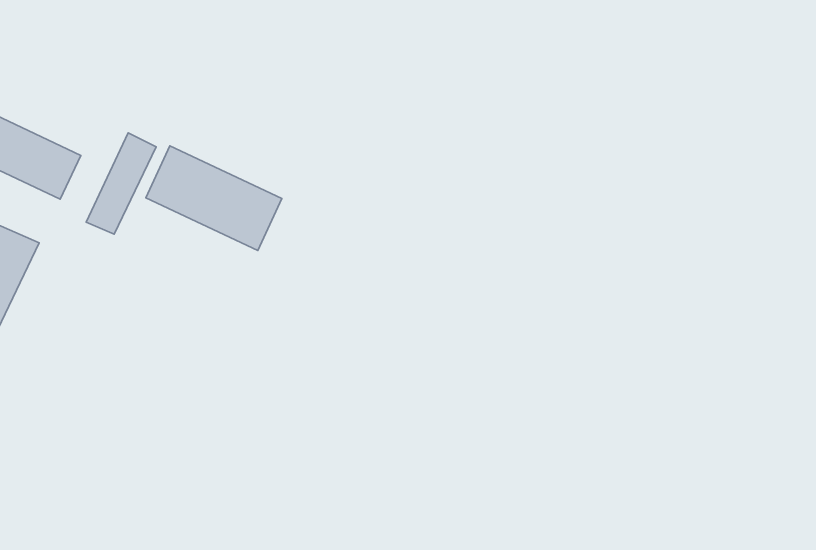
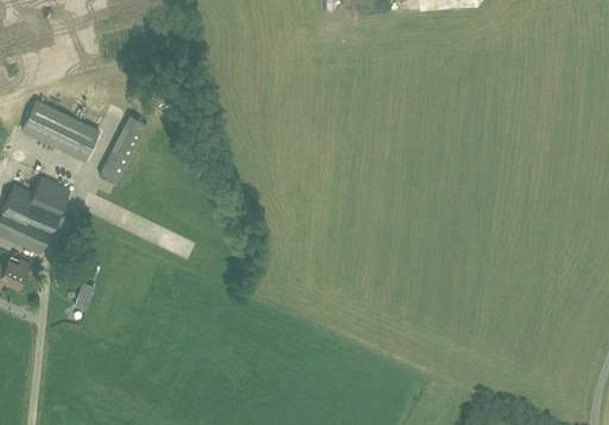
building: [146,146,282,250] -> none

